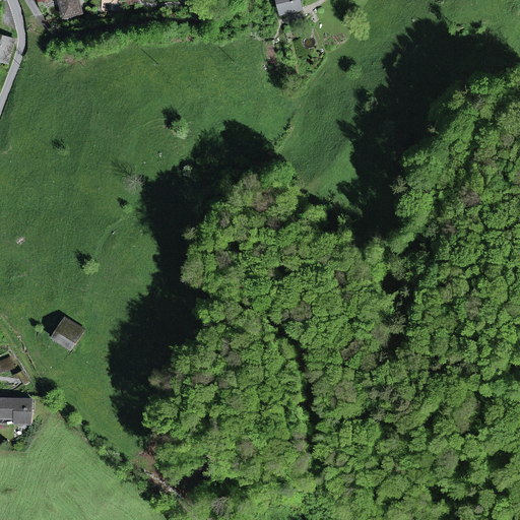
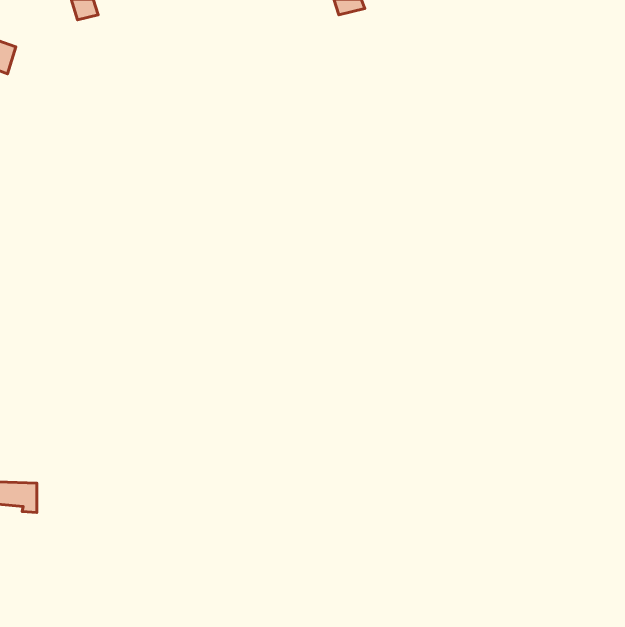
building: [53,318,82,348] -> none

